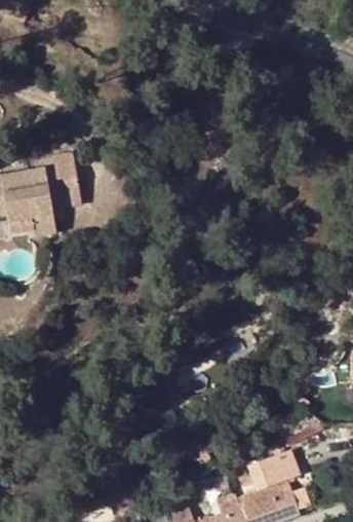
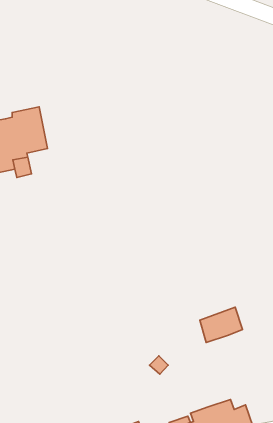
building: [250,451,298,490] -> [200,307,243,342]

